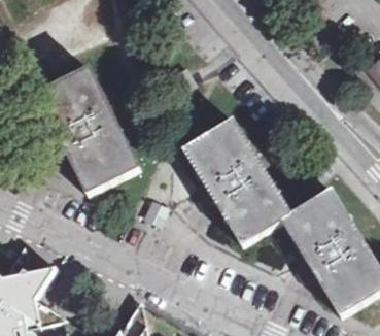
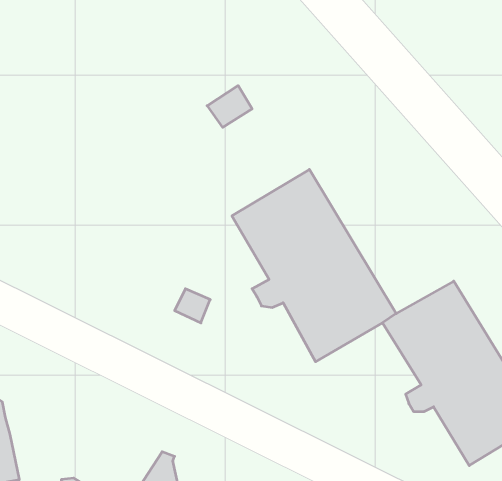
building: [36,66,141,194] -> none

